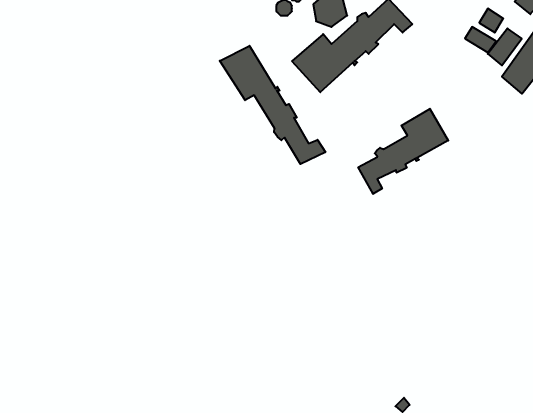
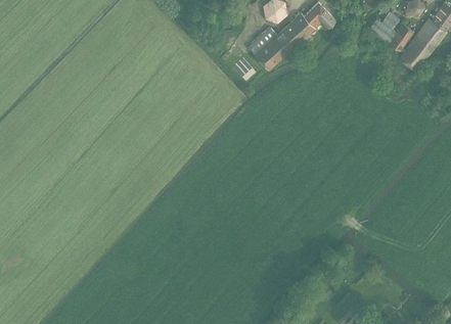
building: [220,46,325,164] -> none
building: [358,109,448,194] -> none

